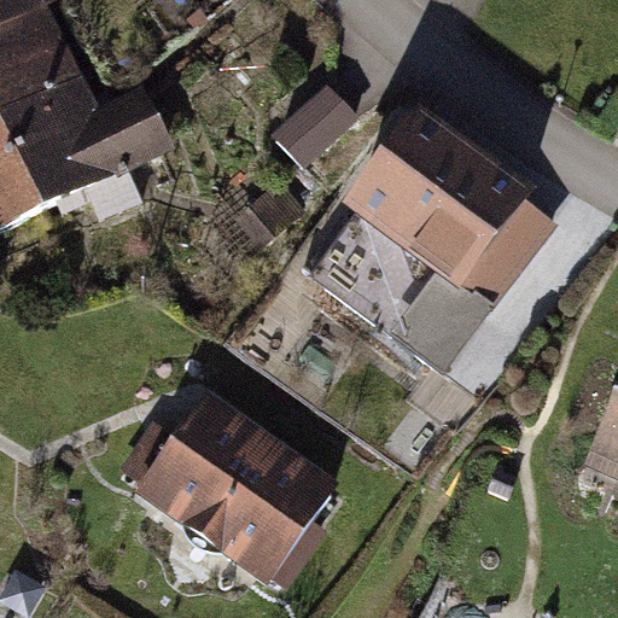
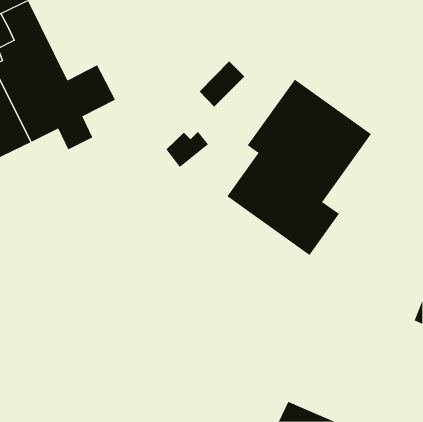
building: [118,395,338,579] -> none

